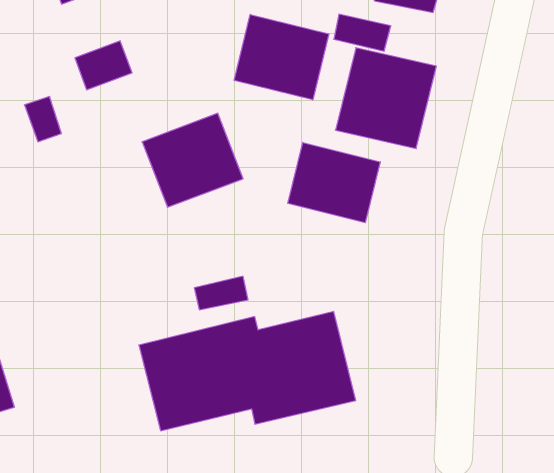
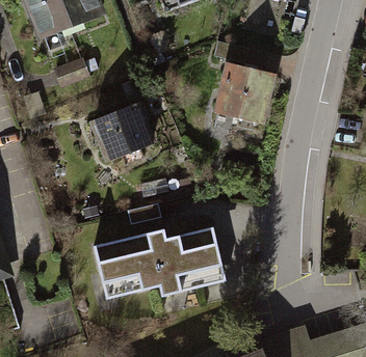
building: [234,14,329,100] -> none
building: [288,142,380,223] -> none

